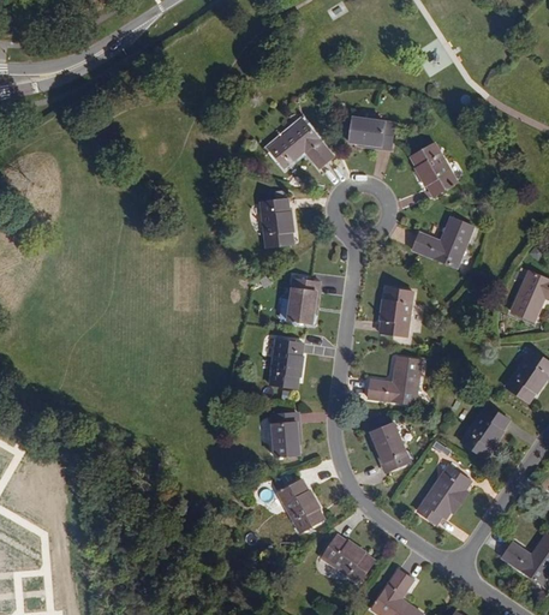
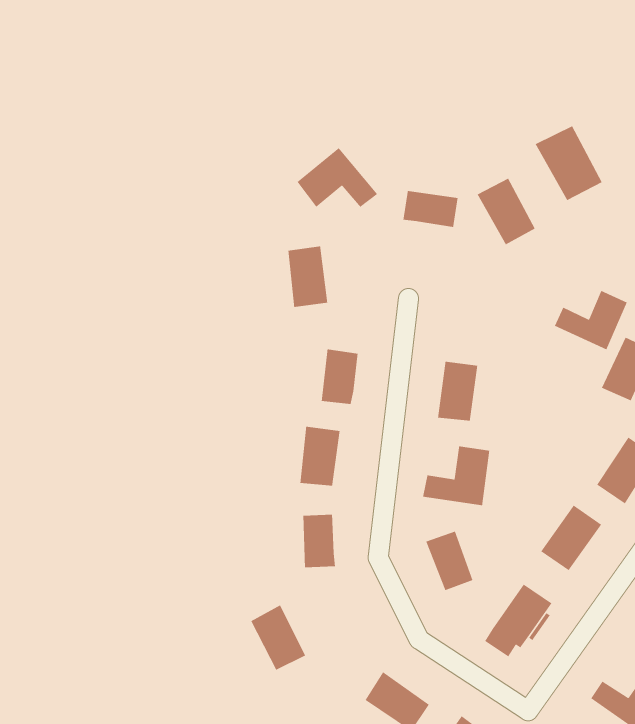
building: none -> [535,125,603,201]
building: [350,117,394,147] -> [402,190,459,228]
building: [412,220,471,268] -> [554,290,628,351]
building: [278,476,322,529] -> [250,604,306,671]

